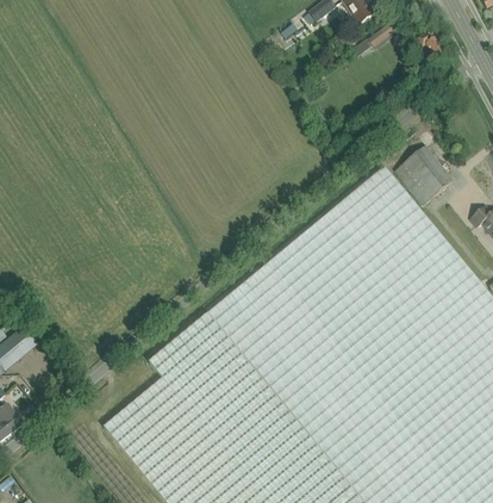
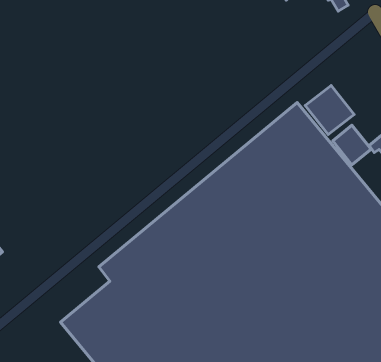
building: none -> [333,125,371,165]

